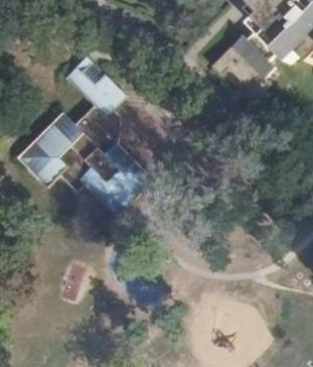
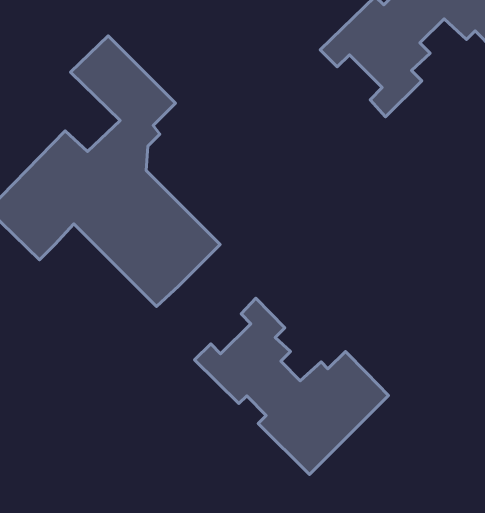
building: none -> [195,298,388,474]

